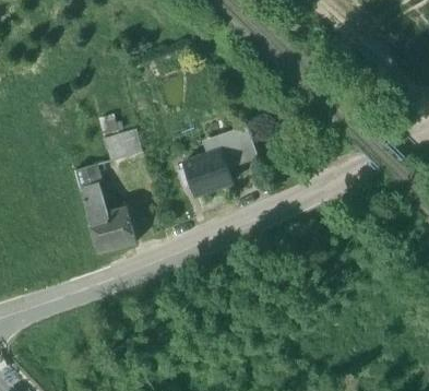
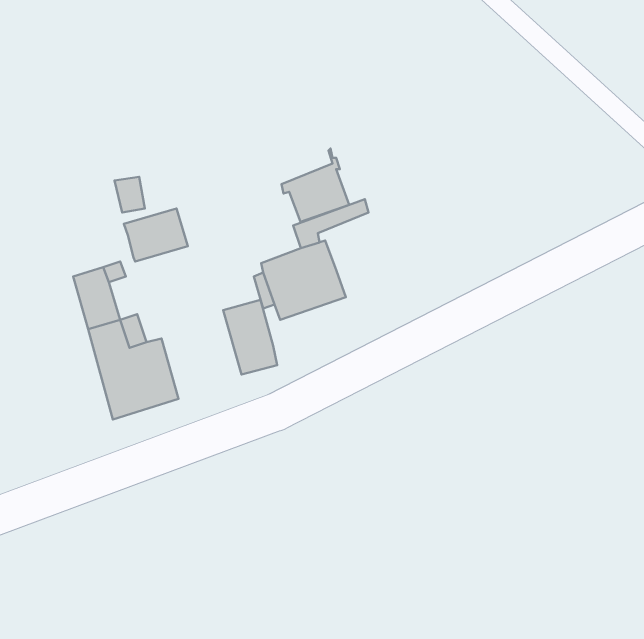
building: [217,125,257,167] -> [282,148,349,222]
building: none -> [223,300,277,375]

